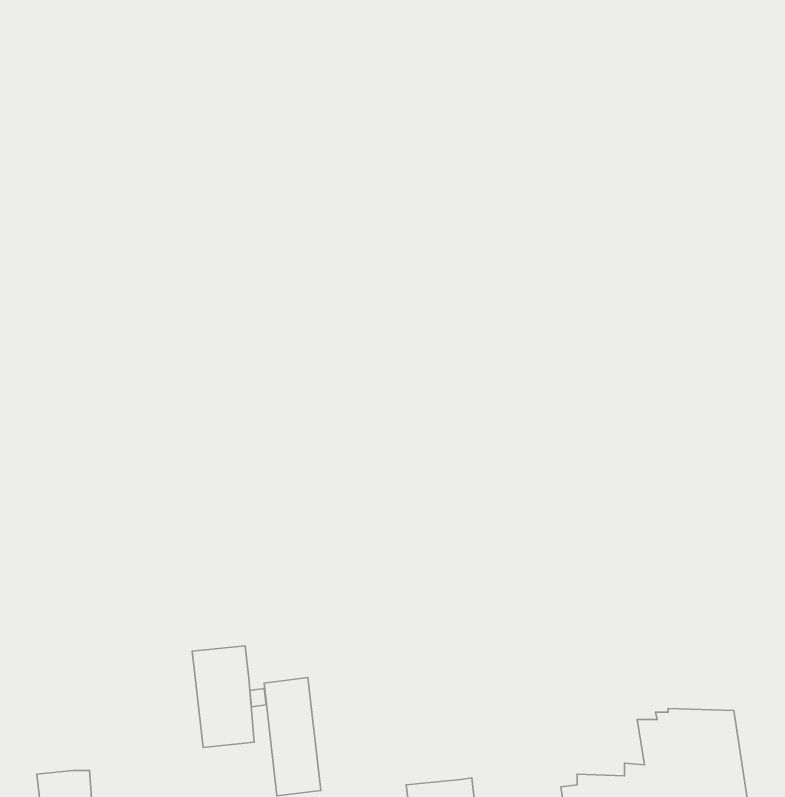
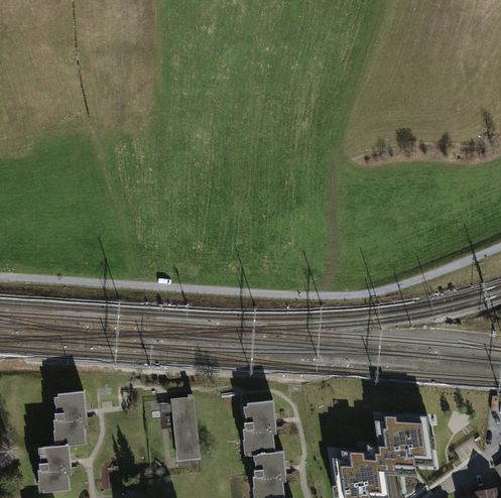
building: [192,646,254,748] -> [55,390,90,447]
building: none -> [237,400,276,456]

